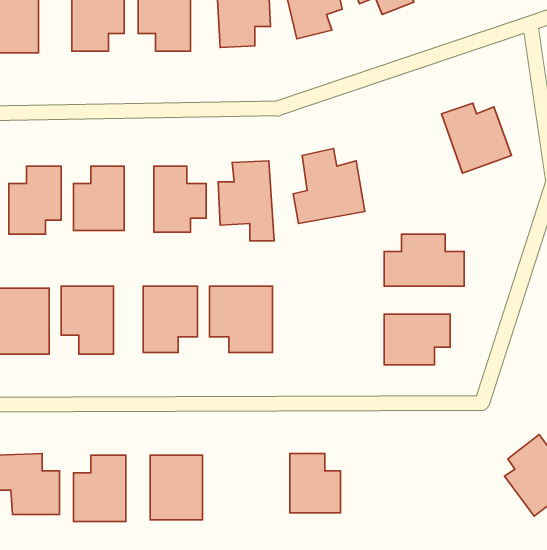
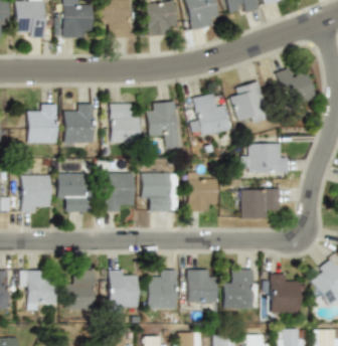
building: none -> [231,81,267,123]
building: none -> [189,174,218,211]
building: none -> [147,270,177,309]
building: none -> [224,270,254,309]
building: none -> [271,274,302,313]

